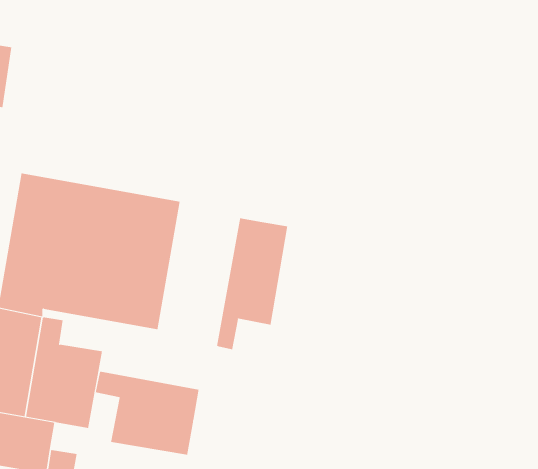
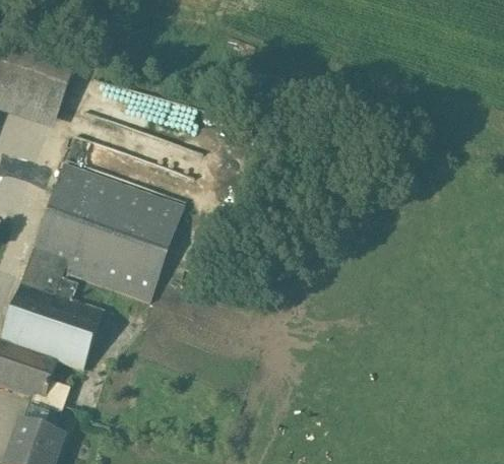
building: [217,218,288,350] -> none
building: [95,371,199,455] -> none

